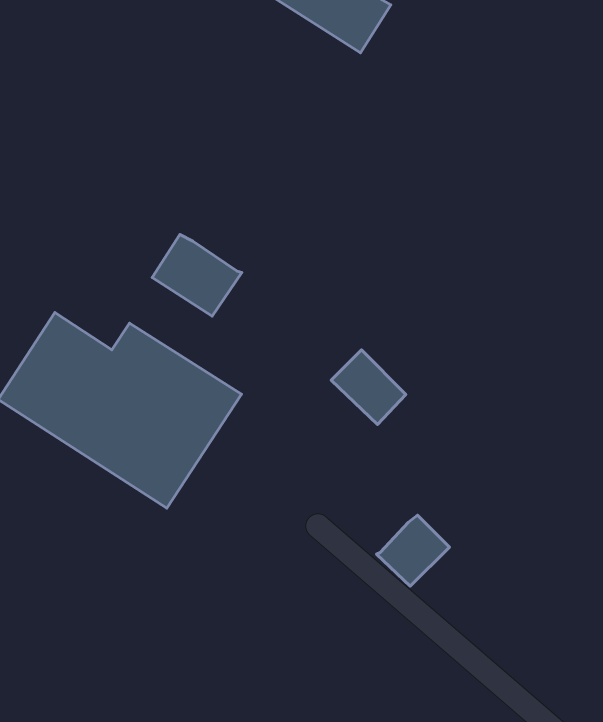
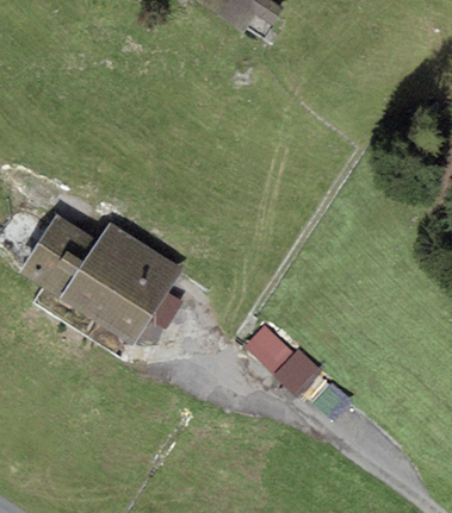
building: [152,234,242,316] -> none
building: [331,350,406,425] -> [244,325,295,375]

